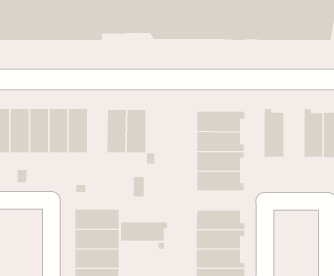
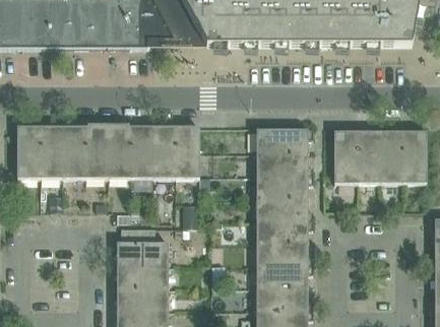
building: none -> [131,126,153,177]
building: none -> [357,126,379,182]
building: [120,222,168,241] -> [256,220,311,243]

